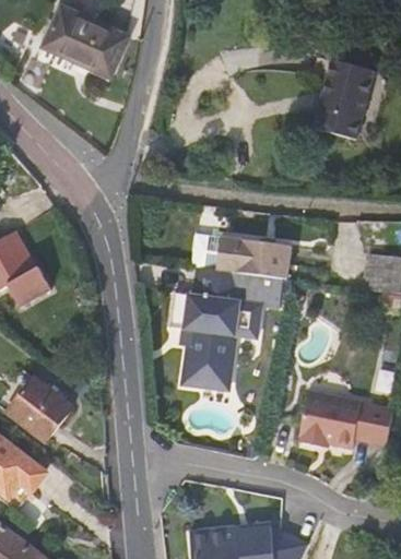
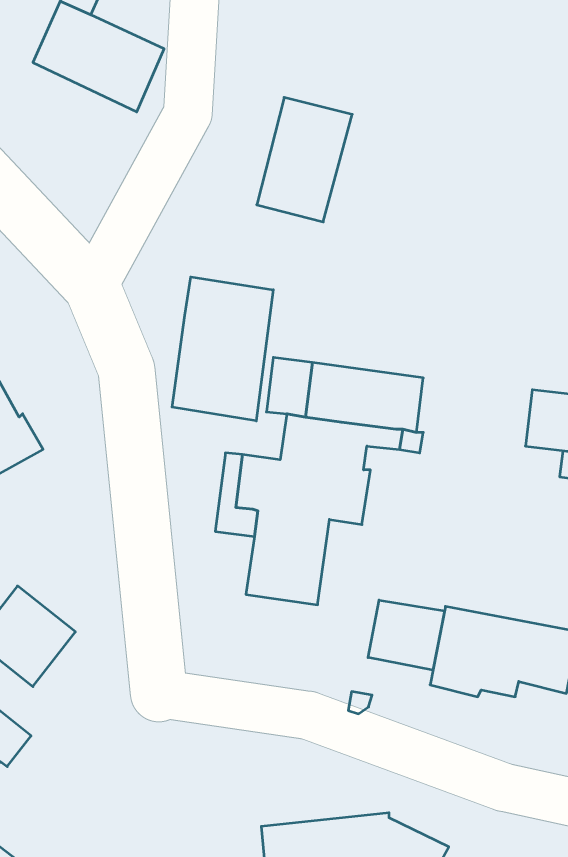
building: [315,60,376,140] -> [257,97,352,222]
building: none -> [172,277,273,421]
building: none -> [368,600,444,670]

